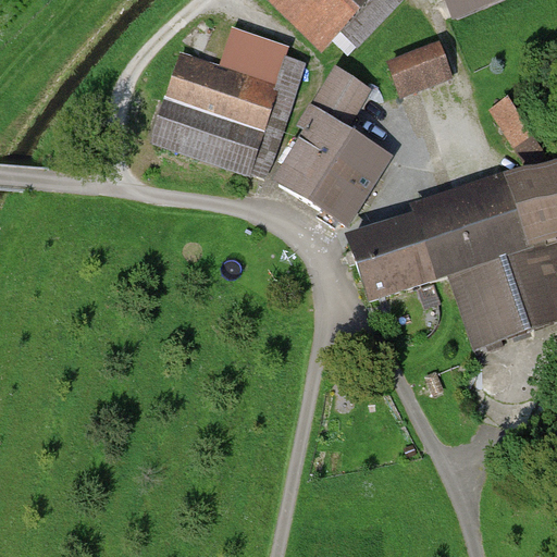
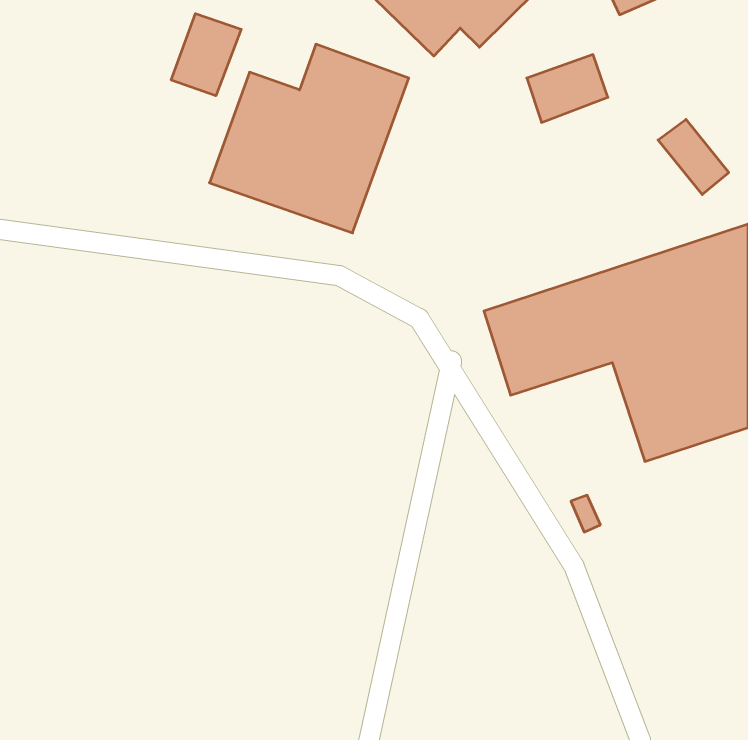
building: none -> [171,14,241,96]
building: [275,74,389,224] -> none

